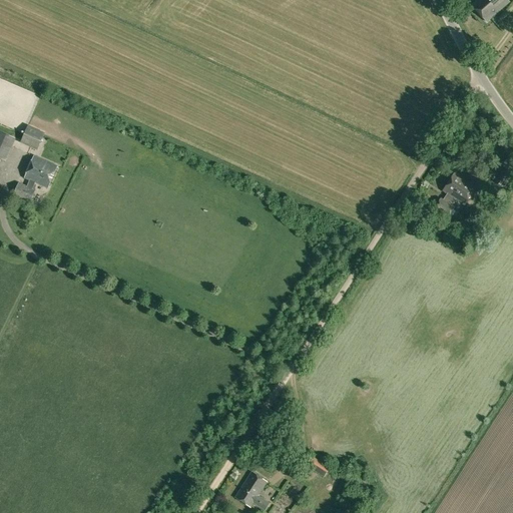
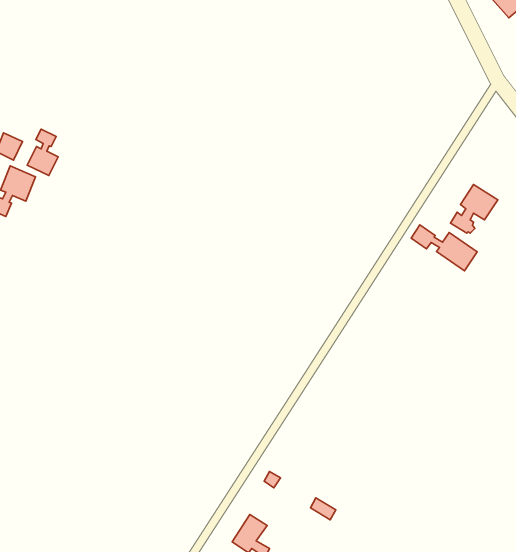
building: none -> [27,129,58,175]
building: none -> [411,225,477,271]

